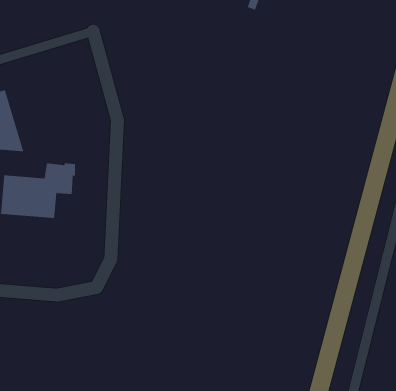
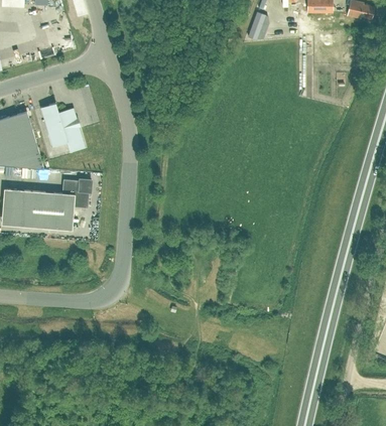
building: none -> [40,103,85,152]

